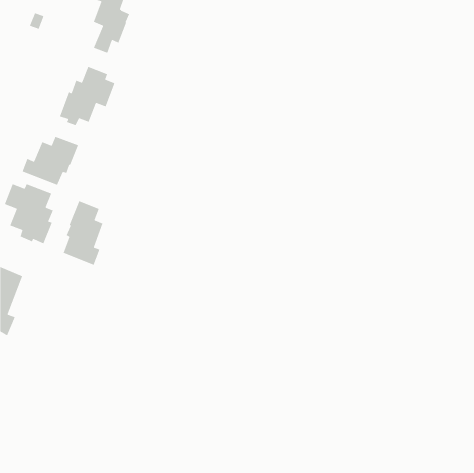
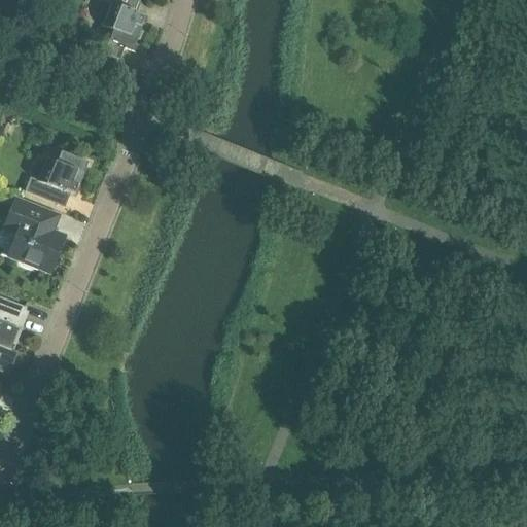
building: [59,66,116,126] -> none
building: [63,200,104,266] -> none

